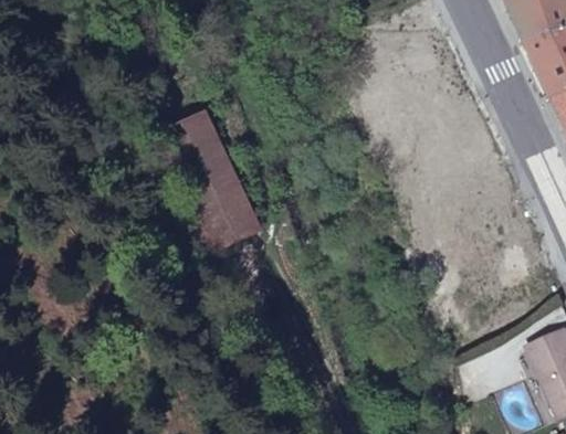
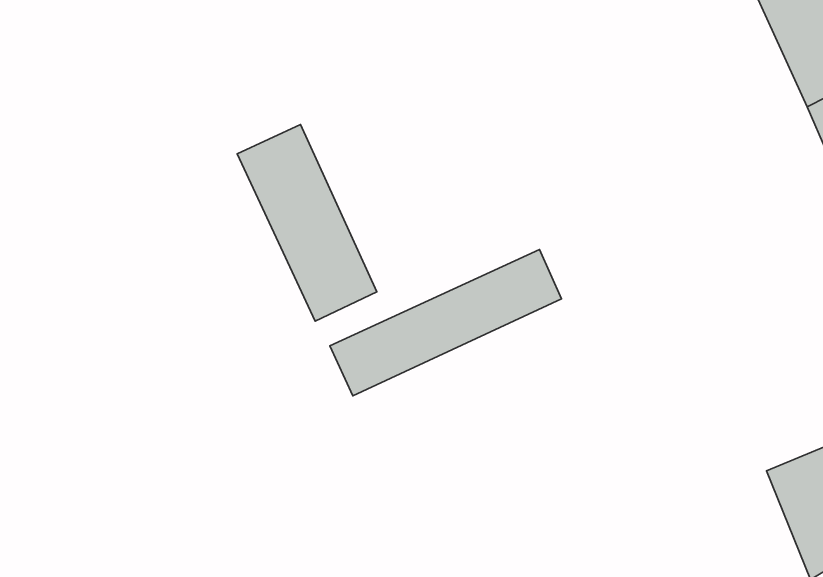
building: none -> [330,250,561,396]

